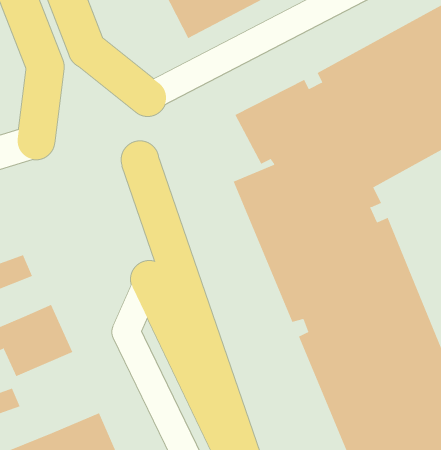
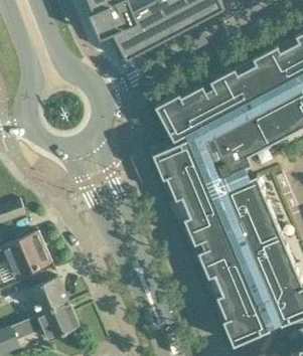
building: none -> [27,278,68,315]

